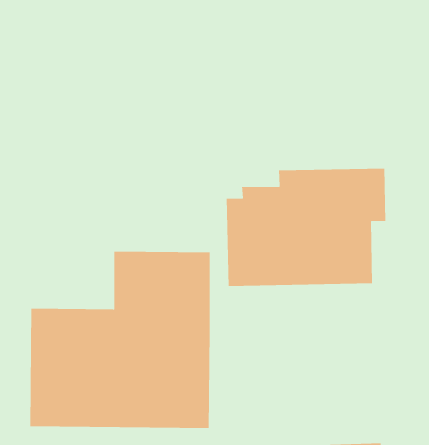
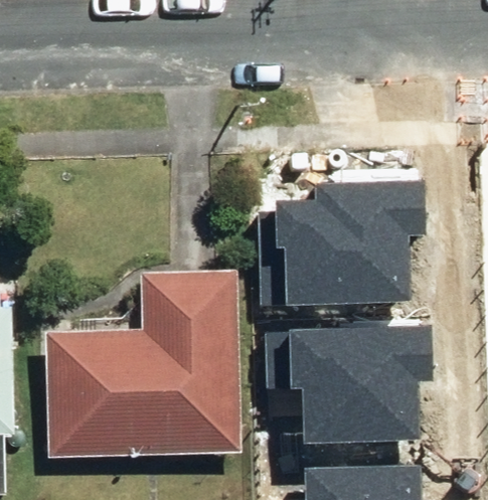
building: none -> [258,327,428,445]

